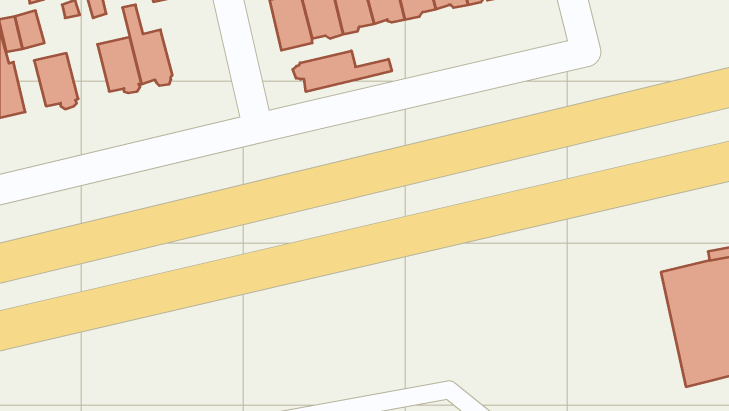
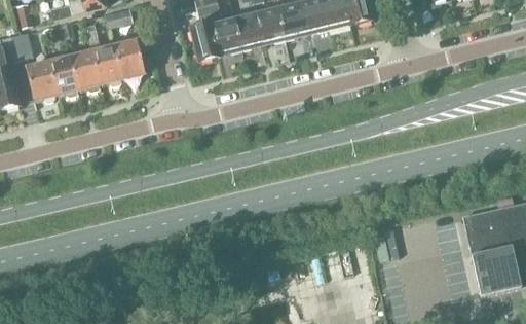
building: none -> [113,40,144,79]
building: none -> [47,56,77,96]
building: [293,51,392,92] -> none

